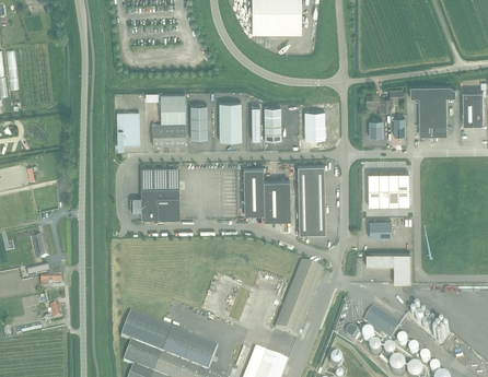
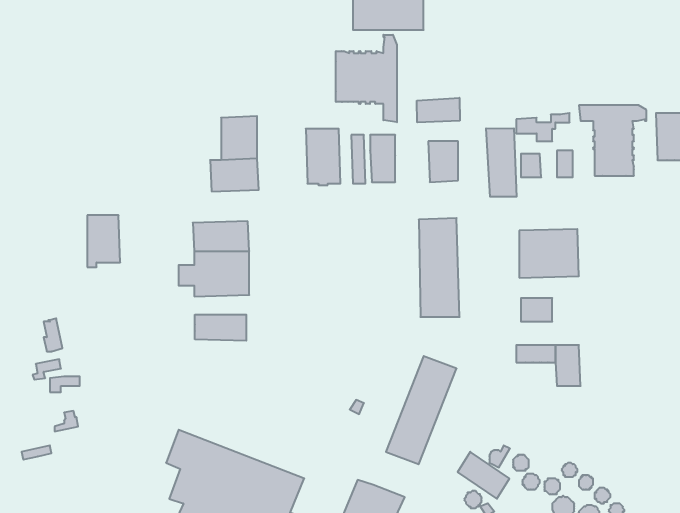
building: none -> [336,35,397,122]
building: none -> [417,98,460,122]
building: none -> [486,128,517,197]
building: [189,106,207,140] -> none
building: [116,114,139,150] -> [87,215,120,267]
building: [242,169,290,222] -> none
building: none -> [195,315,246,341]
building: [363,307,399,340] -> [458,452,509,499]

